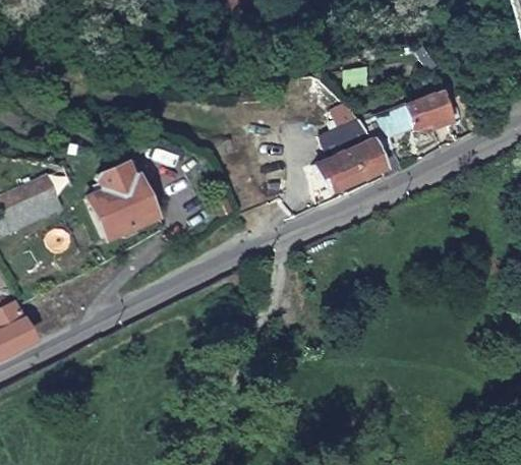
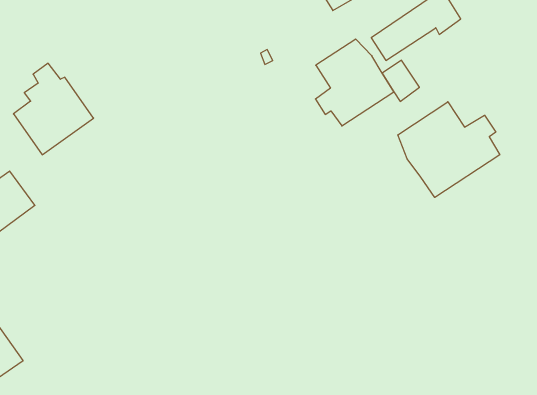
building: [91,162,158,238] -> [13,63,94,155]
building: none -> [398,102,500,197]

